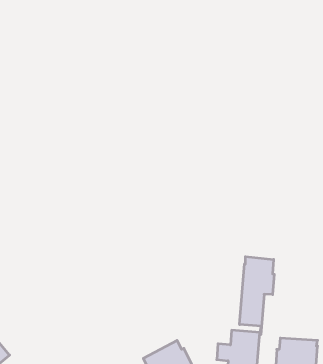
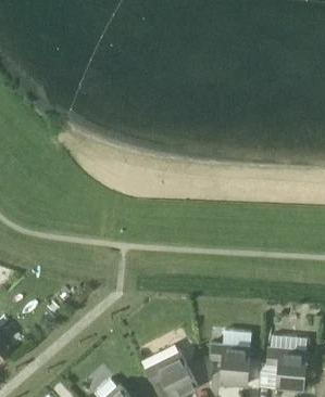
building: [240,257,274,335] -> none

